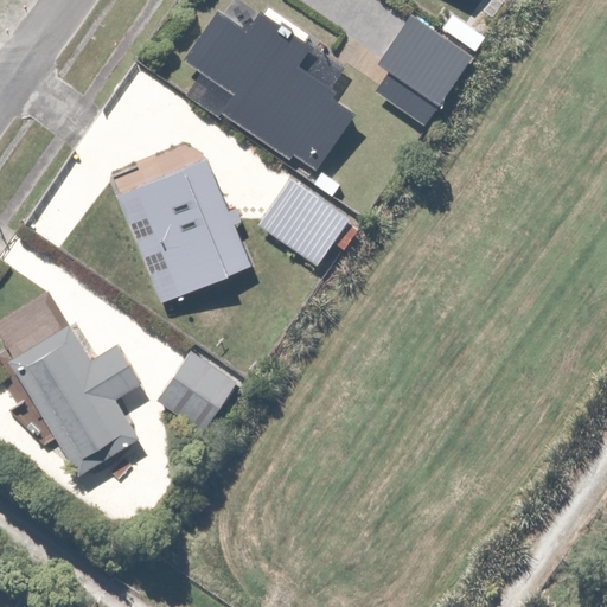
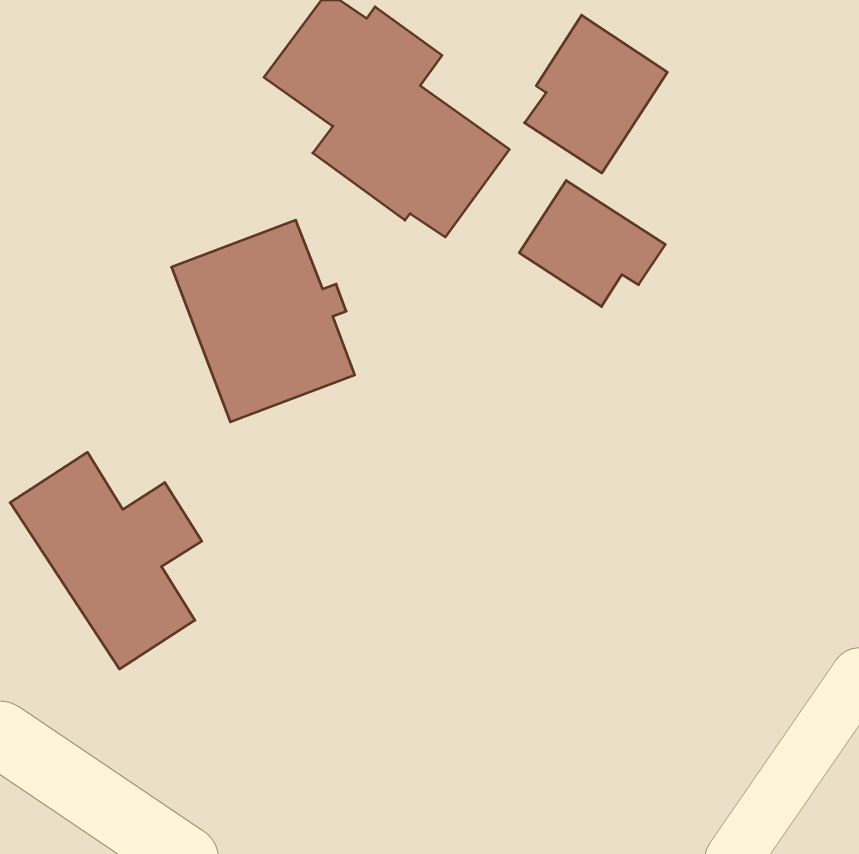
building: [258,177,362,266] -> [519,180,665,307]
building: [156,351,237,433] -> none

